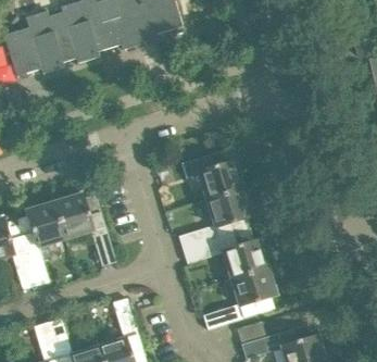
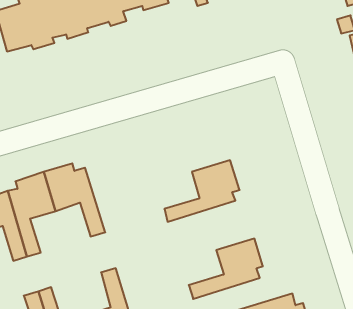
building: [180,149,244,199] -> none
building: [180,228,269,279] -> none

